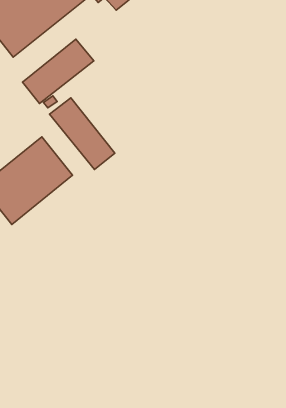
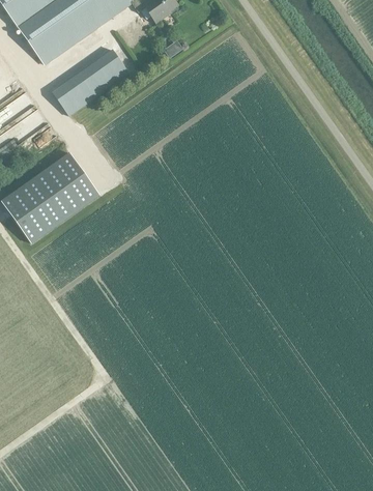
building: [49,98,115,170] -> none

